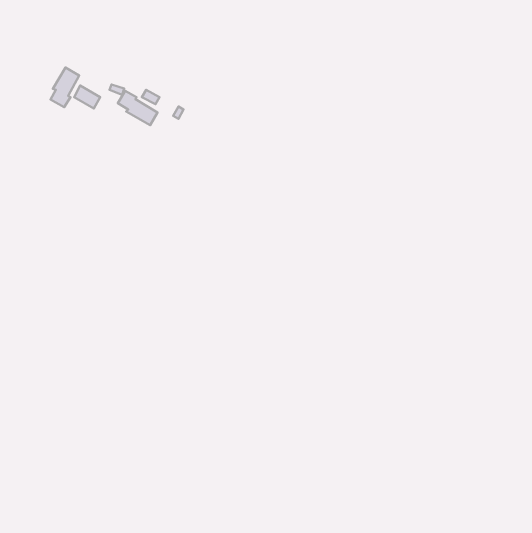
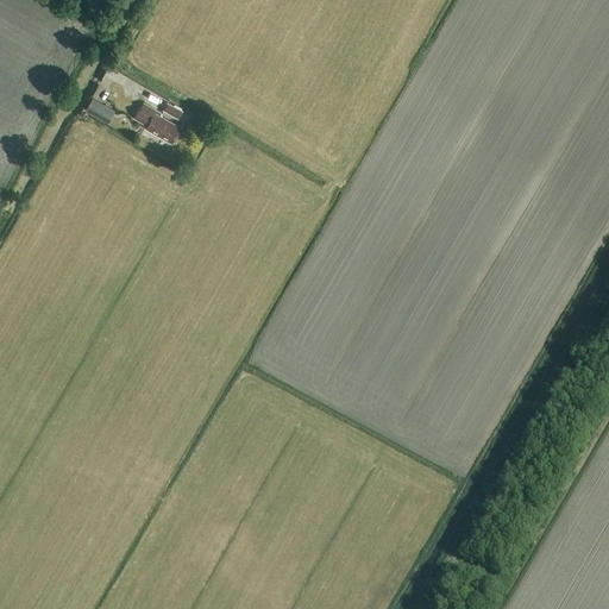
building: [51,68,79,107] -> none

